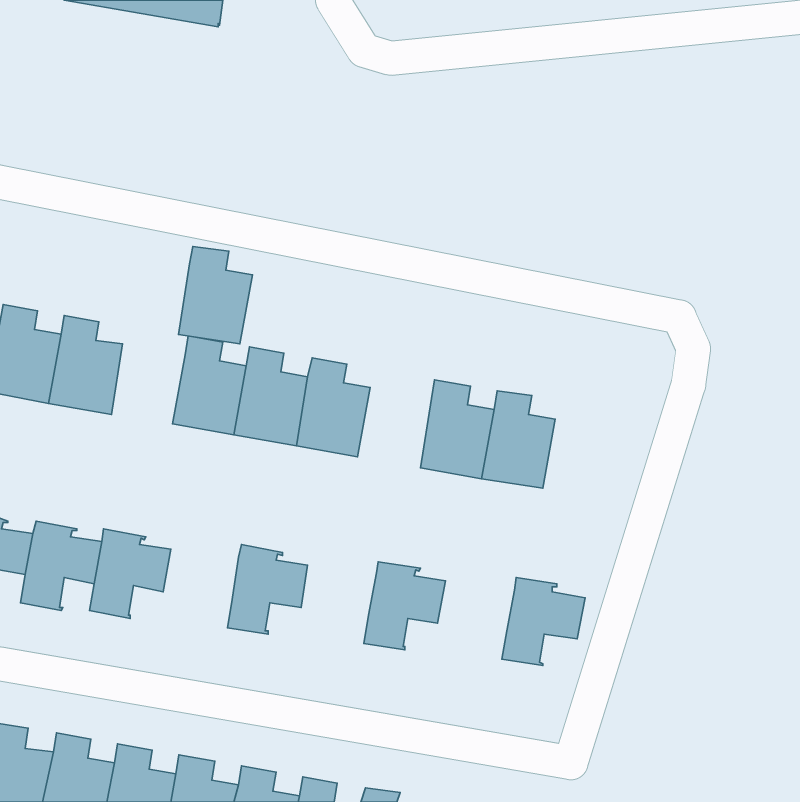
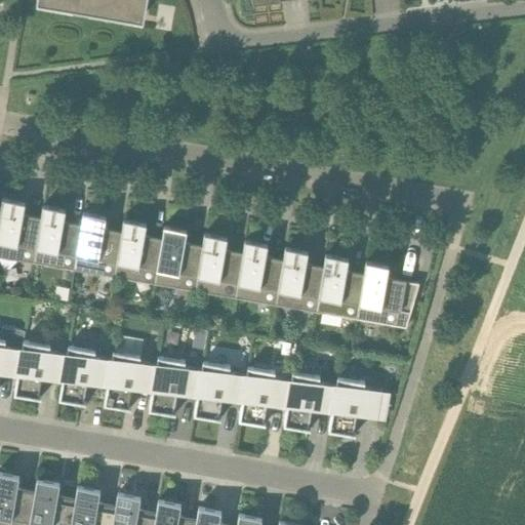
building: [179,247,252,344] -> [73,213,121,277]
building: none -> [234,241,282,306]
building: none -> [355,261,418,328]
building: none -> [104,351,156,409]
building: none -> [194,362,246,419]
building: none -> [283,372,336,430]

